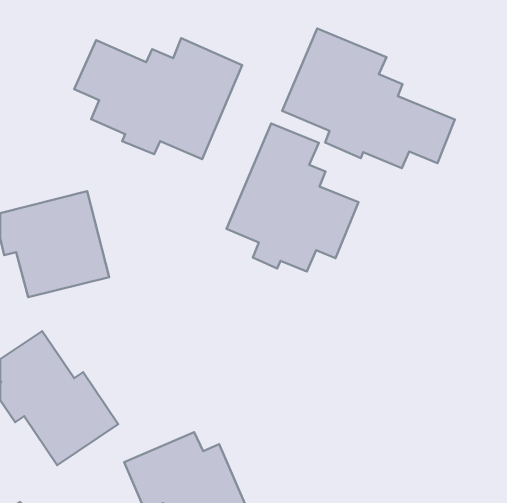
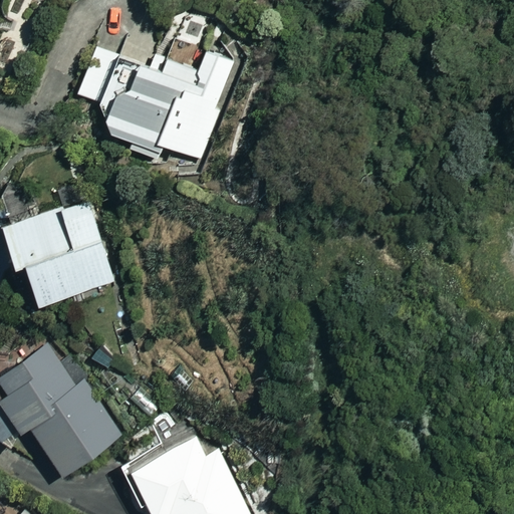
building: [282,29,455,168] -> none
building: [226,124,358,271] -> none

